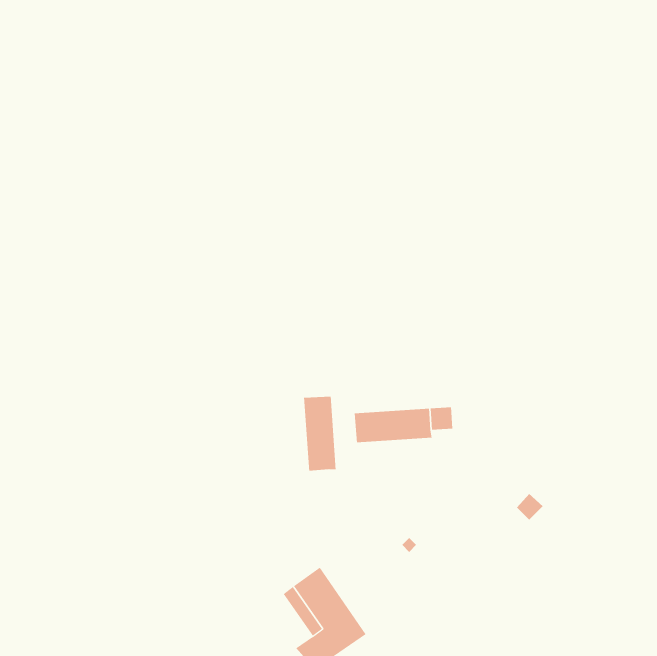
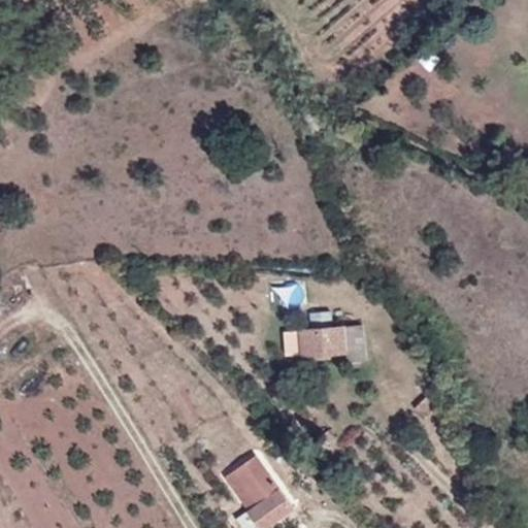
building: [304,396,336,471] -> none

